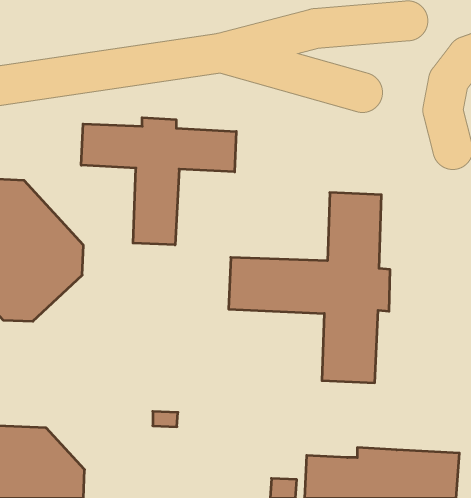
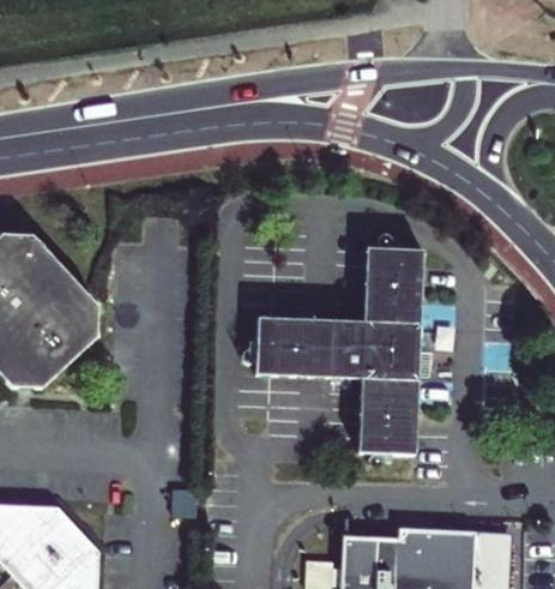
building: [81,118,236,245] -> none

